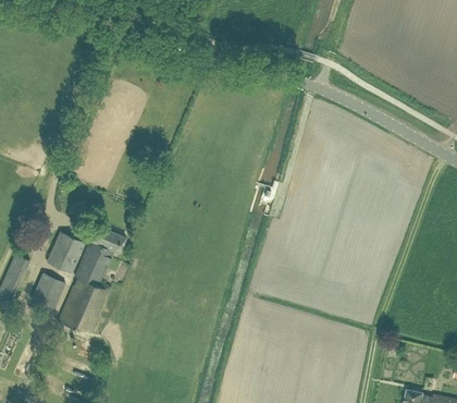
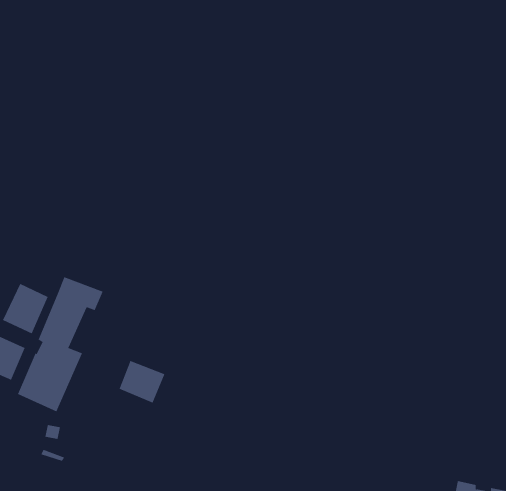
building: none -> [119,360,165,404]

